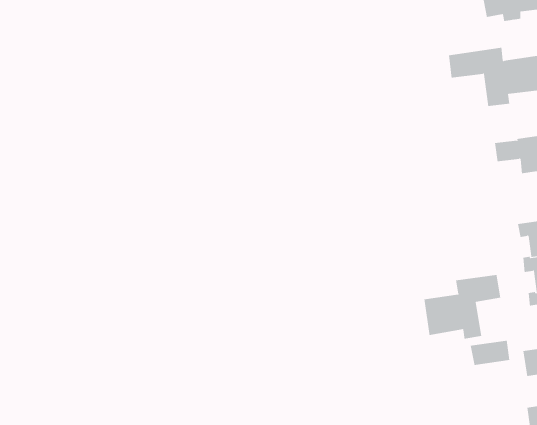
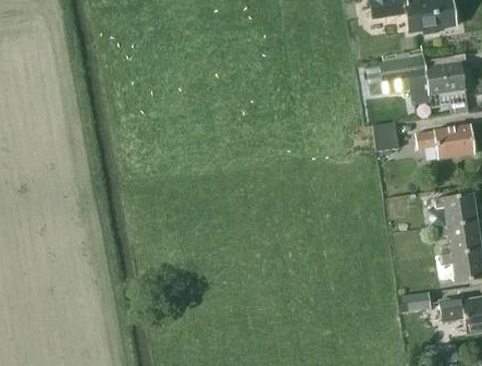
building: none -> [373,121,398,149]
building: [424,274,501,340] -> none

